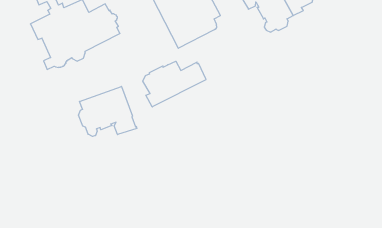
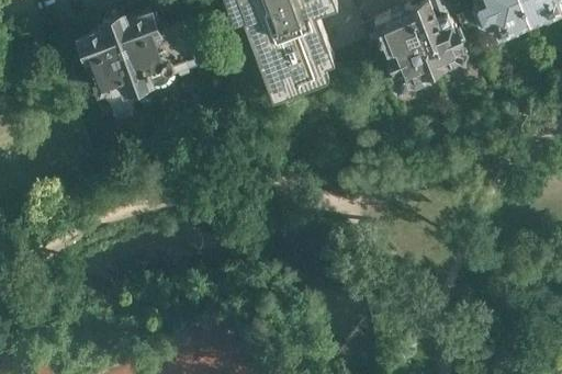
building: [143,61,206,107] -> none
building: [79,86,137,136] -> none

